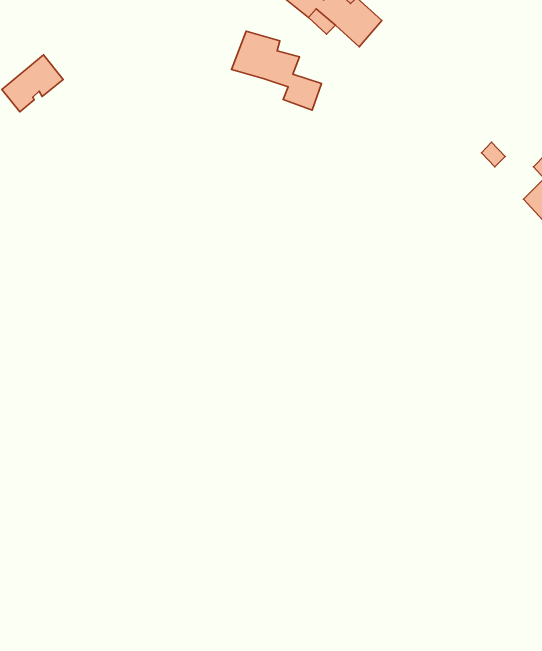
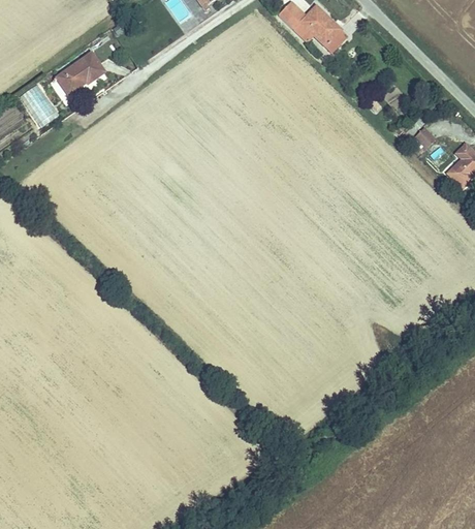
building: [231,31,321,110] -> none

